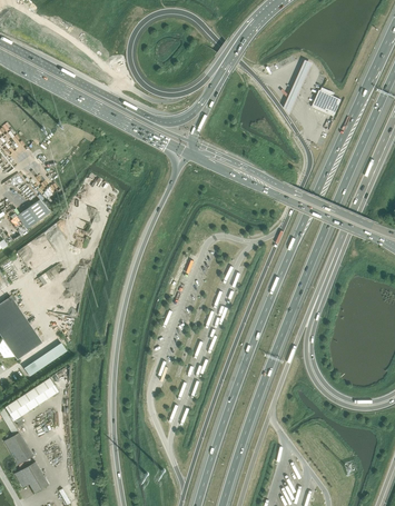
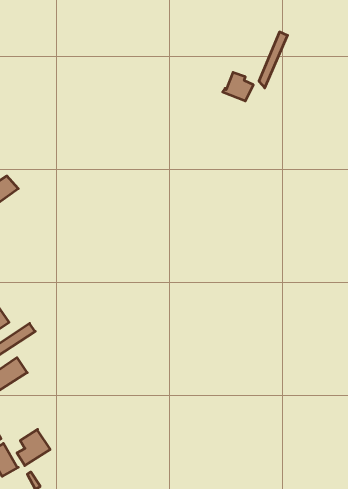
building: [312,88,342,116] -> [223,72,253,101]
building: none -> [17,429,50,466]

